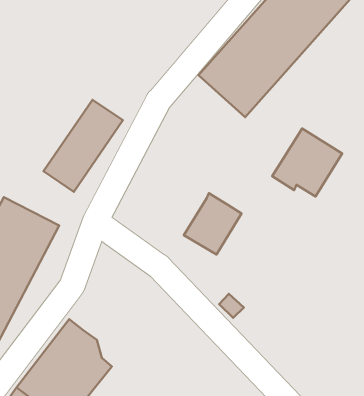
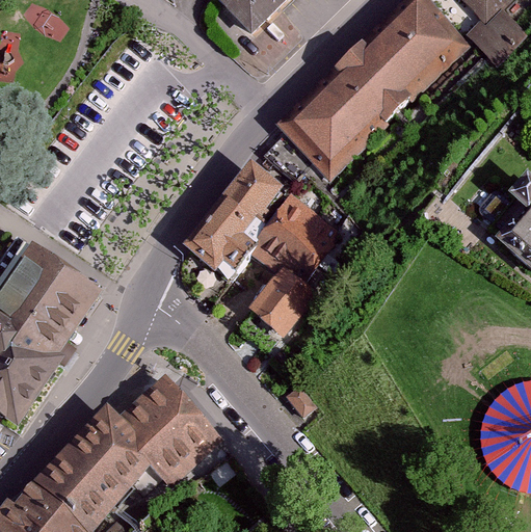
building: [44,100,123,192] -> [186,163,285,271]
building: [272,129,342,197] -> [253,200,338,282]
building: none -> [120,373,227,489]

